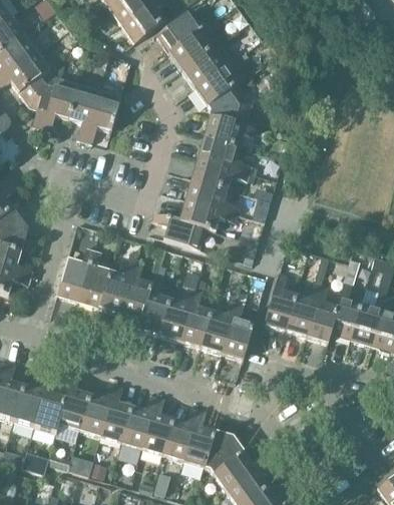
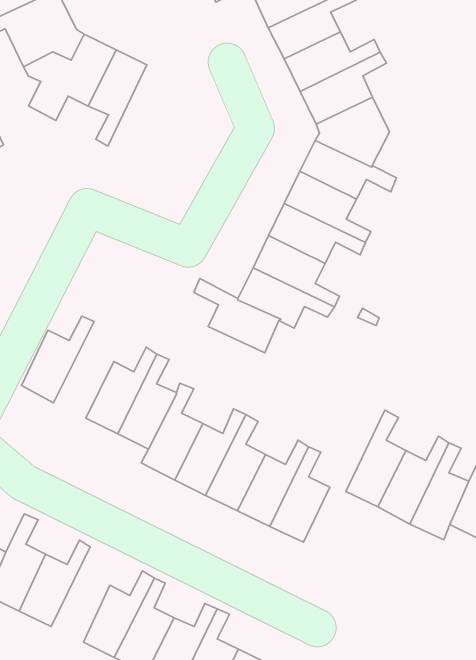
building: [83,88,120,143] -> none
building: [77,248,109,308] -> none
building: [99,385,130,443] -> none

